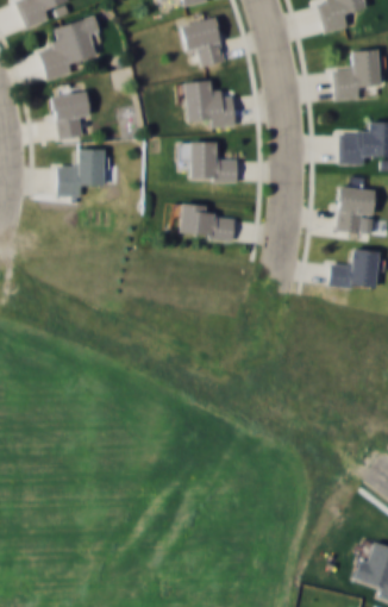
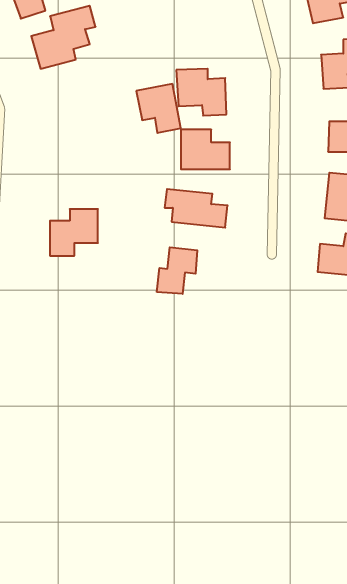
building: [181,17,226,67] -> [136,84,181,133]
building: [52,90,93,142] -> none
building: [57,149,106,196] -> [50,209,98,256]
building: none -> [157,247,197,294]

